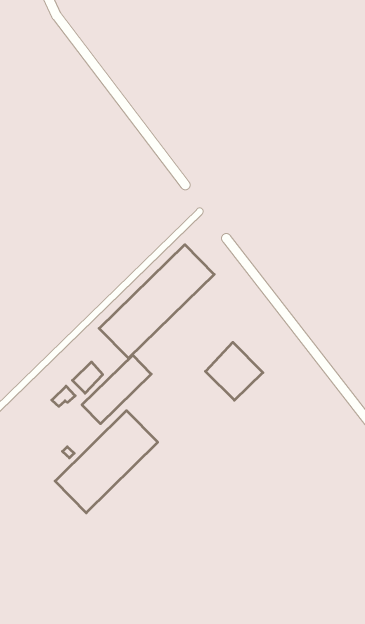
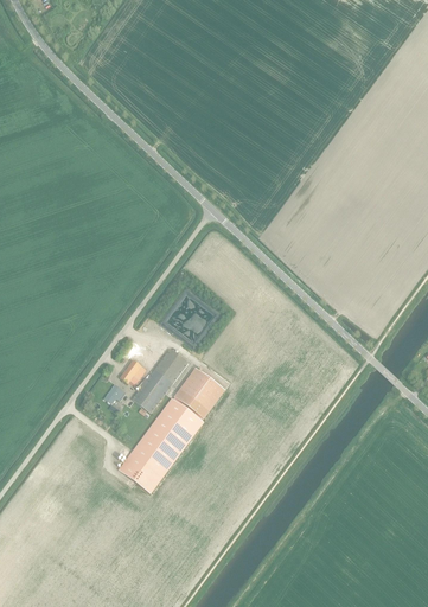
building: [99,245,214,358] -> none
building: [205,342,263,400] -> [174,365,225,416]

